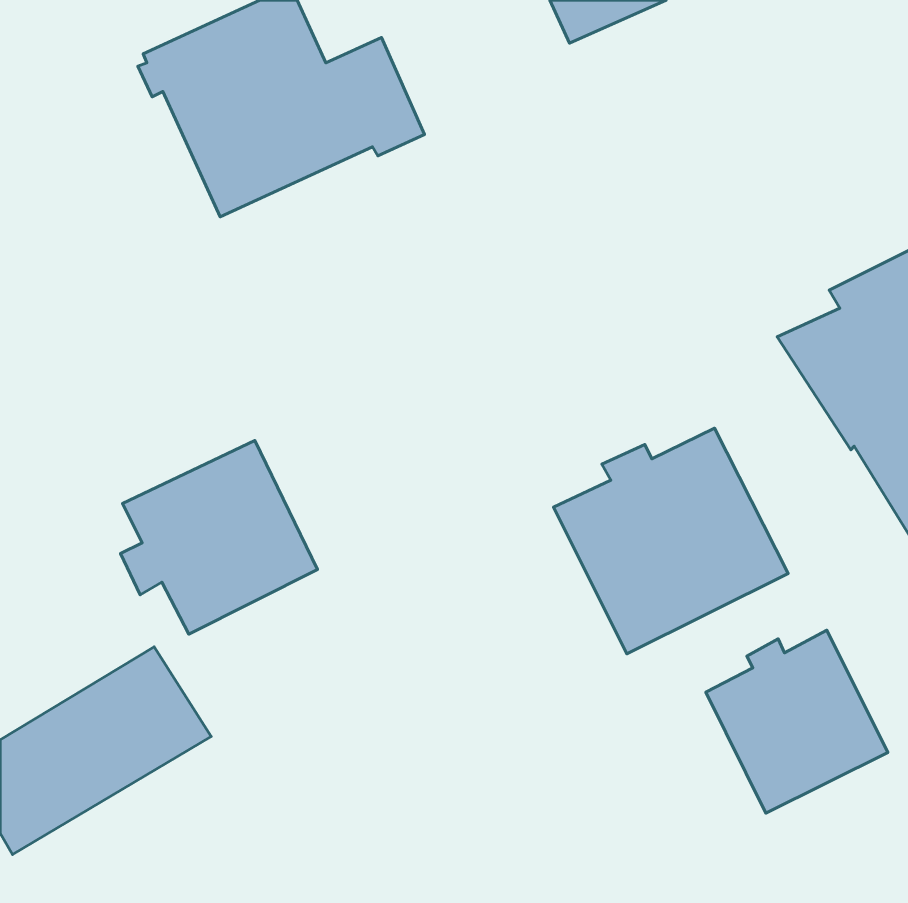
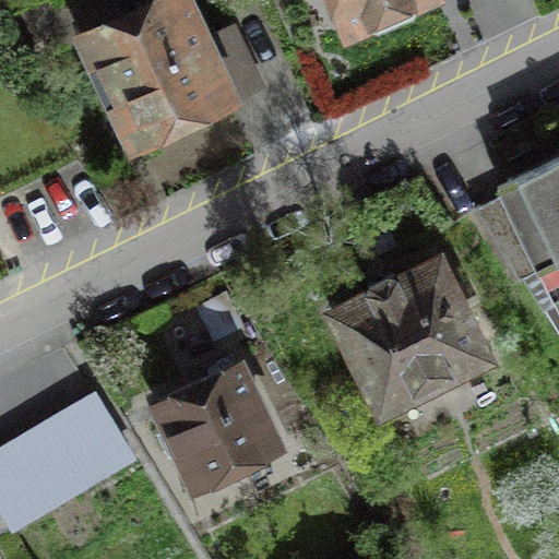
building: [121,441,318,634] -> [159,368,280,486]
building: [706,630,888,813] -> none

